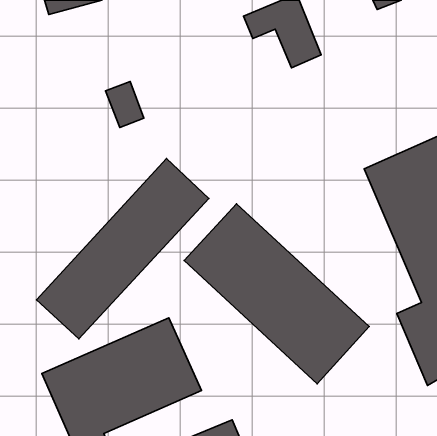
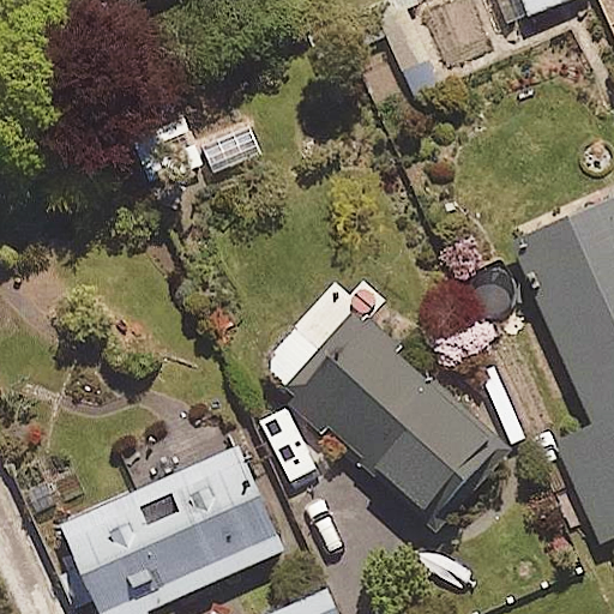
building: [36,159,209,339] -> none

